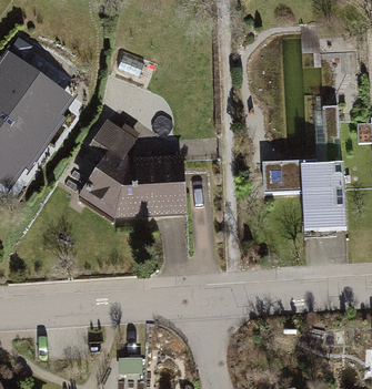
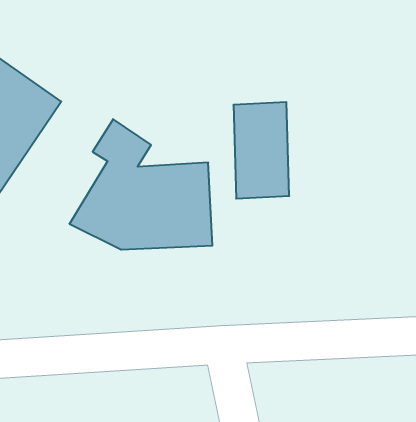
building: [299,160,344,238] -> [233,102,289,199]

